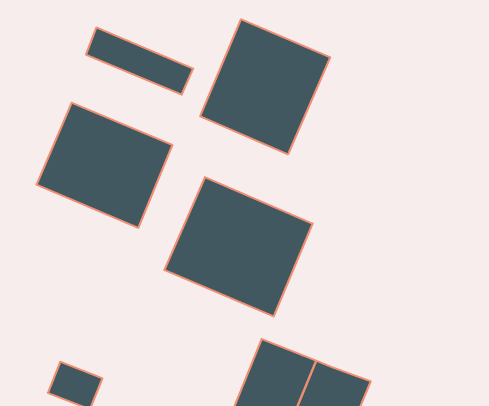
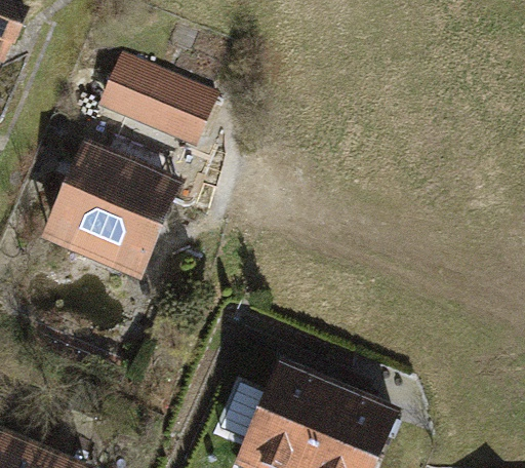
building: [200,19,330,154] -> none
building: [164,177,313,317] -> none

